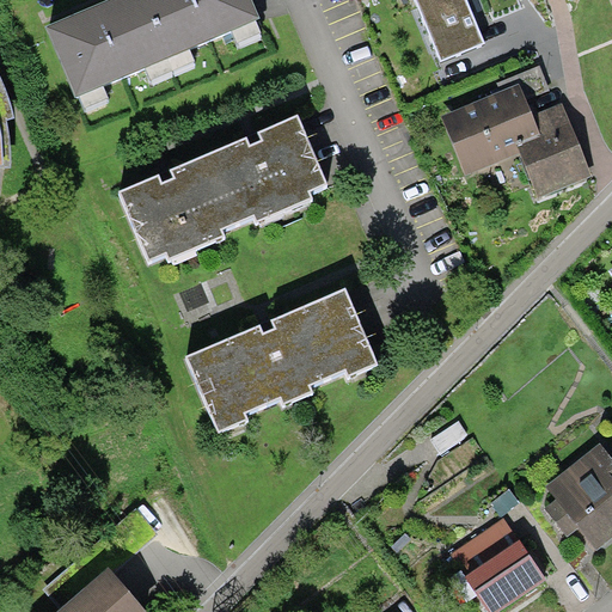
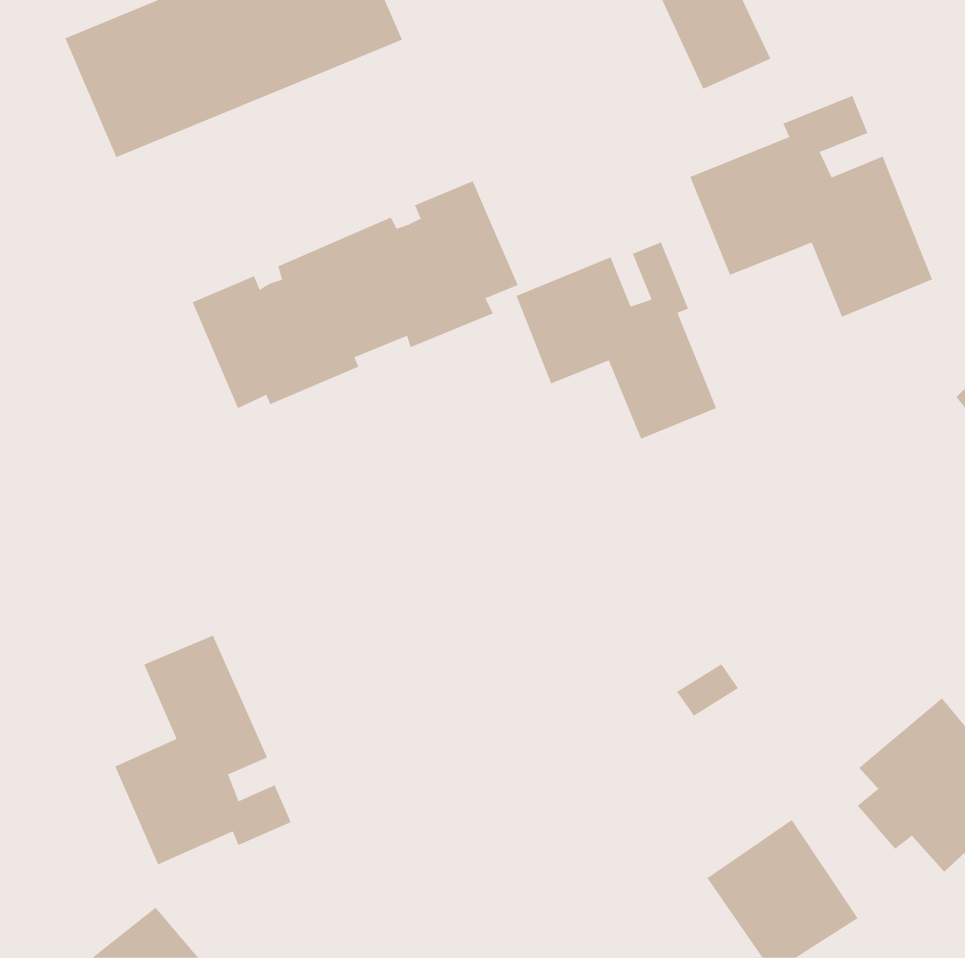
building: none -> [516,241,717,440]
building: [179,288,378,436] -> none
building: none -> [114,635,291,865]

